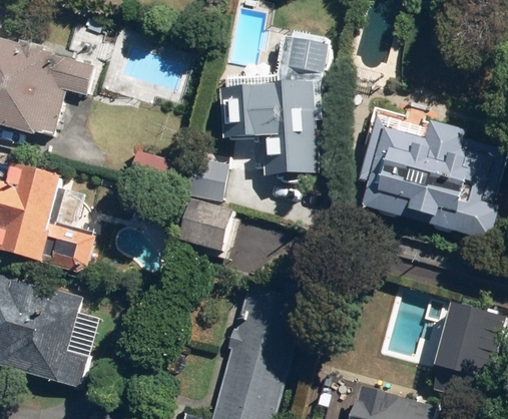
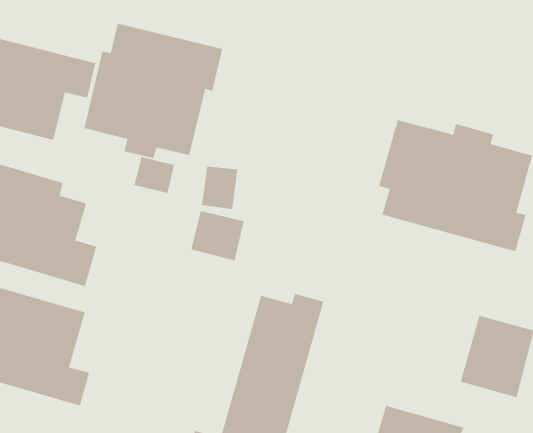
building: none -> [84,23,223,159]
building: [219,32,329,174] -> none

